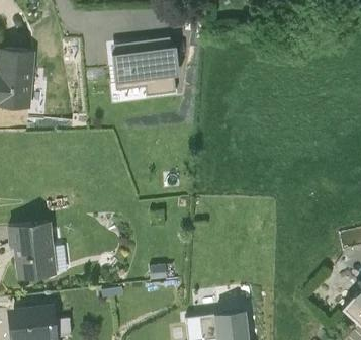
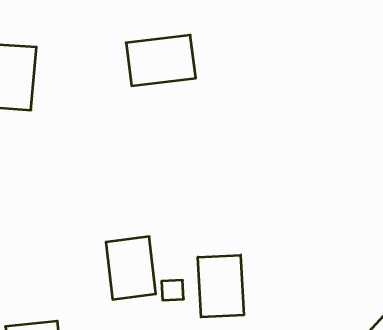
building: [13,224,59,281] -> [106,237,156,299]
building: none -> [198,255,244,317]

